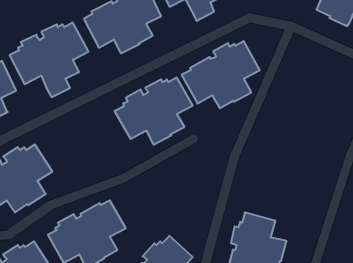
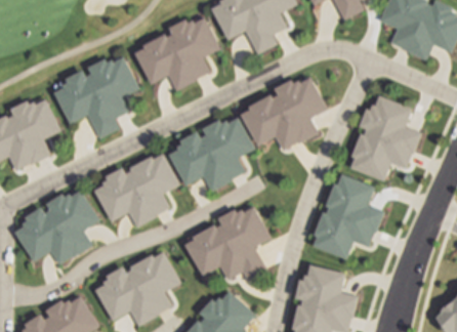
building: none -> [349,95,420,181]
building: none -> [92,154,178,227]
building: none -> [313,174,383,260]
building: none -> [184,207,269,282]

